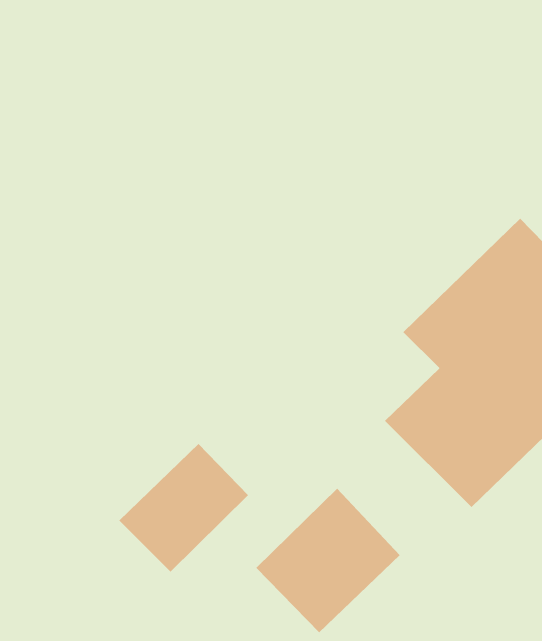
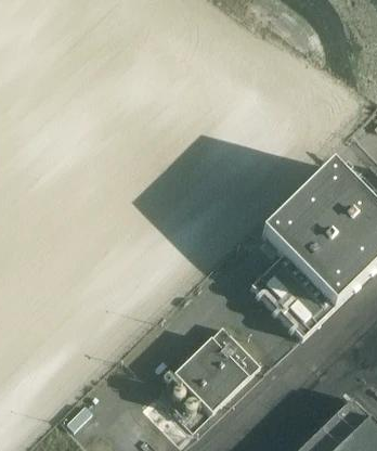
building: [118,443,249,572] -> none

